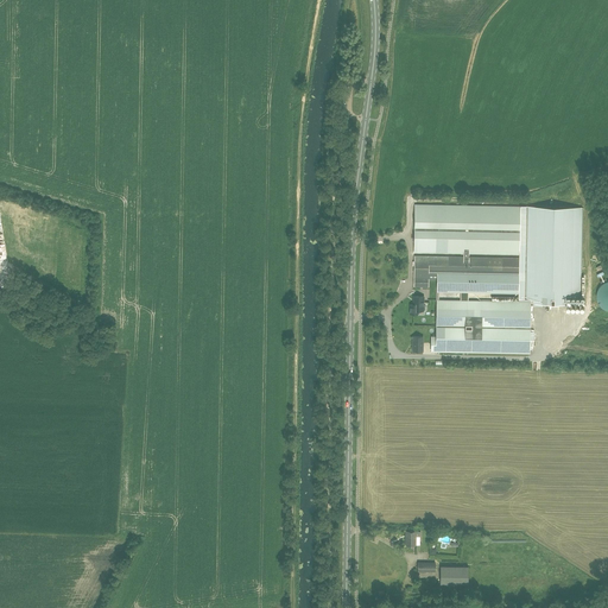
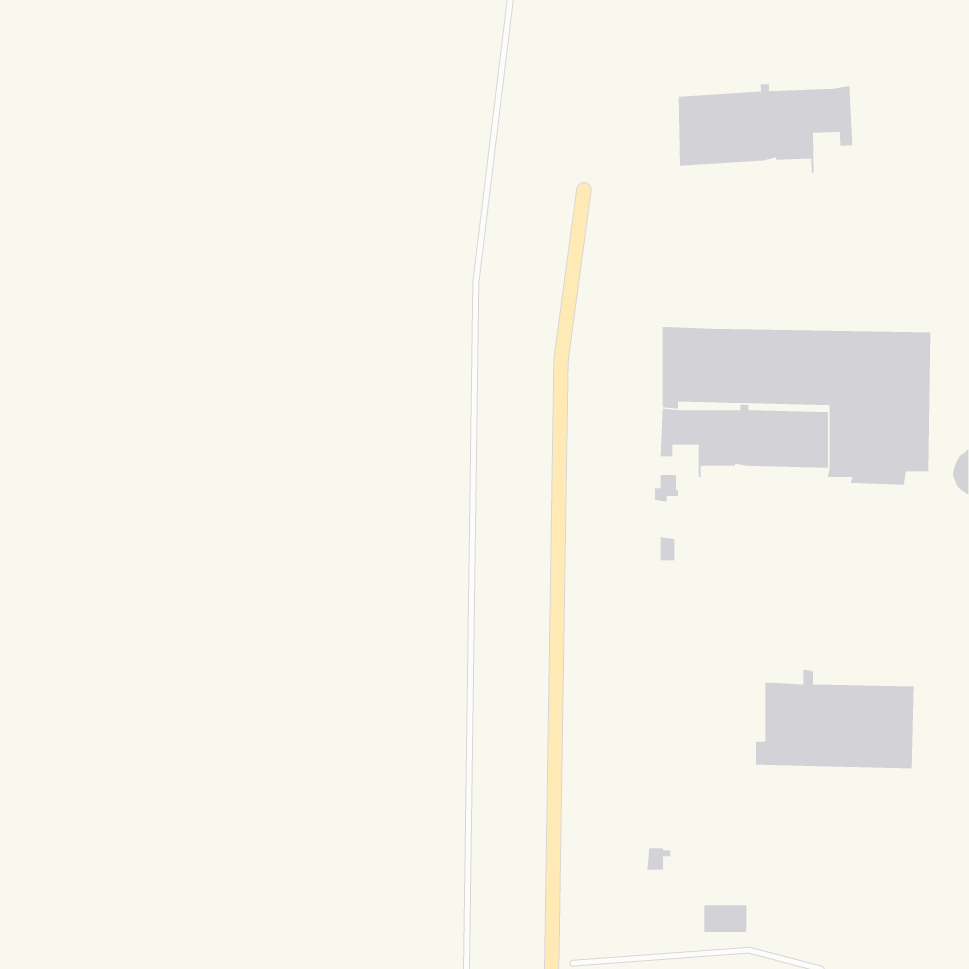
building: none -> [678,83,853,173]
building: [431,291,531,354] -> [755,669,914,769]

